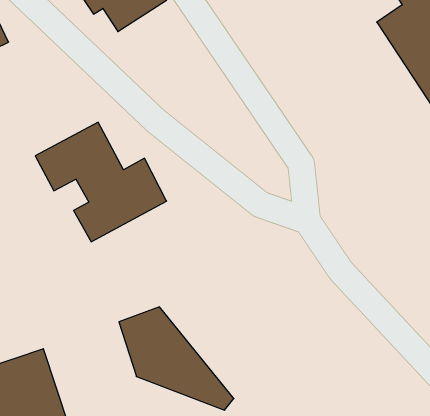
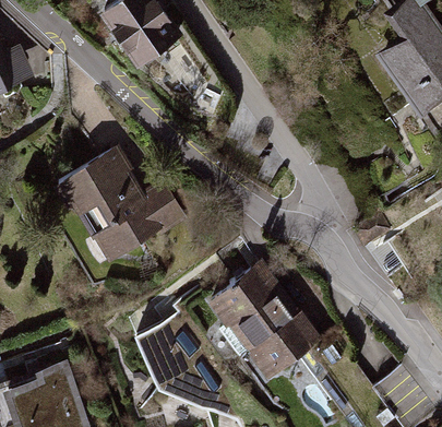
building: none -> [205,262,351,380]

